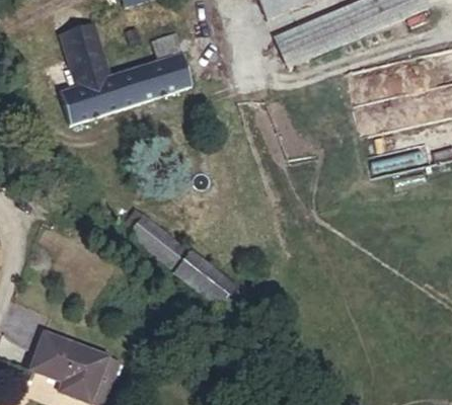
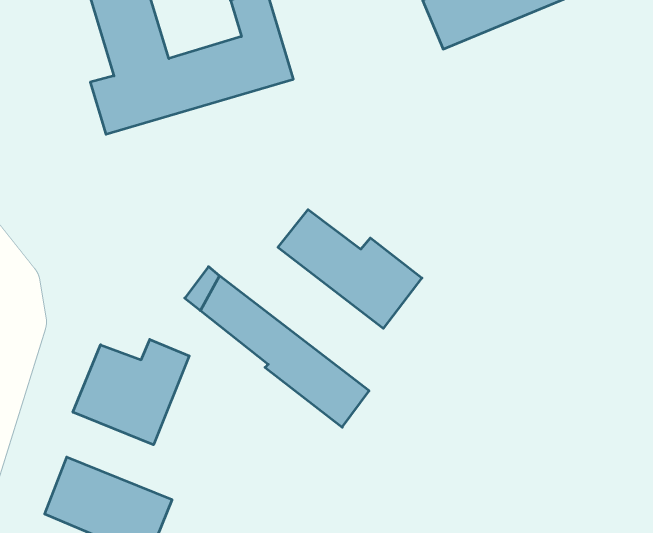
building: none -> [278,210,422,328]
building: none -> [73,339,189,445]

